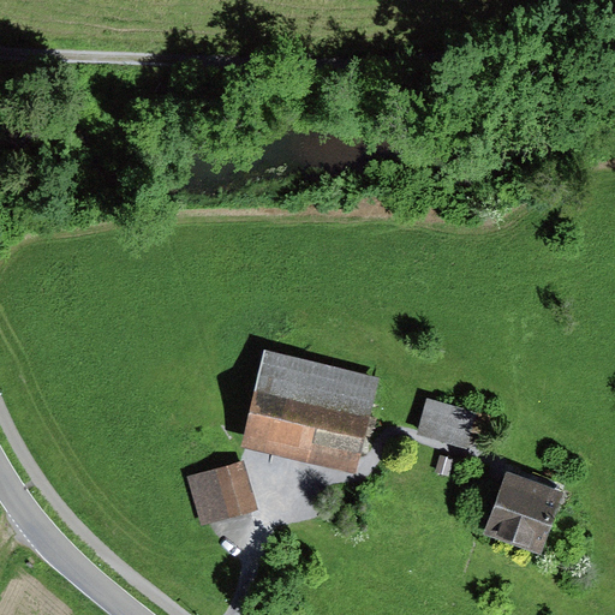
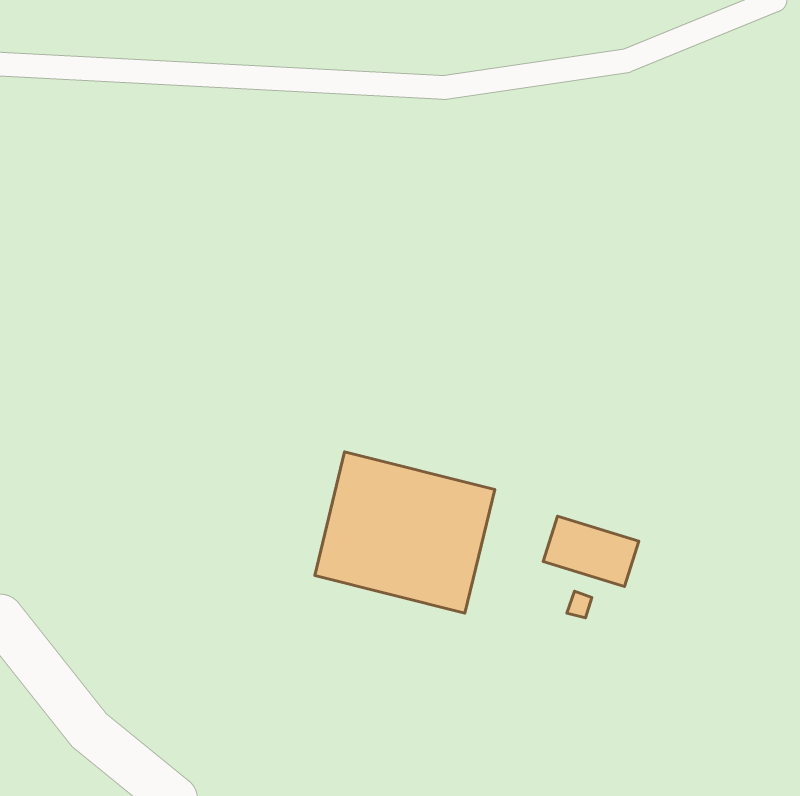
building: [189,461,259,527] -> none
building: [483,470,561,550] -> none

